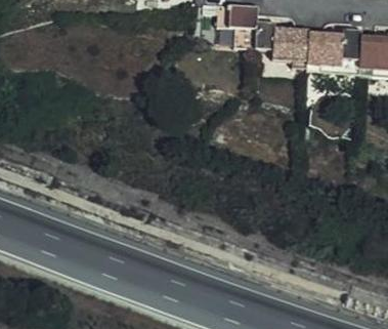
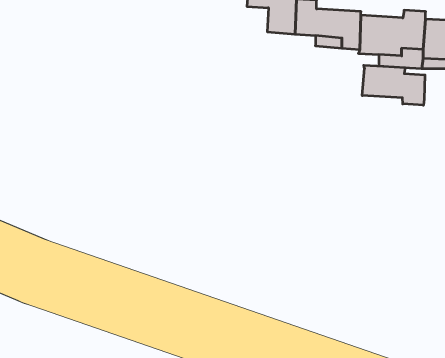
building: none -> [362,65,425,105]

